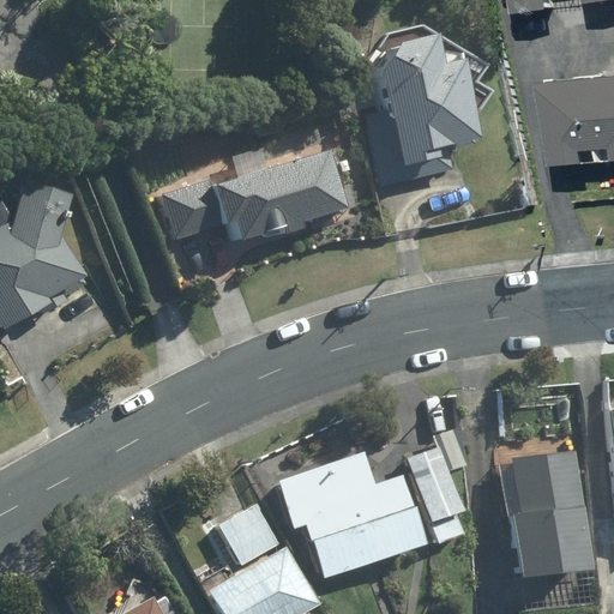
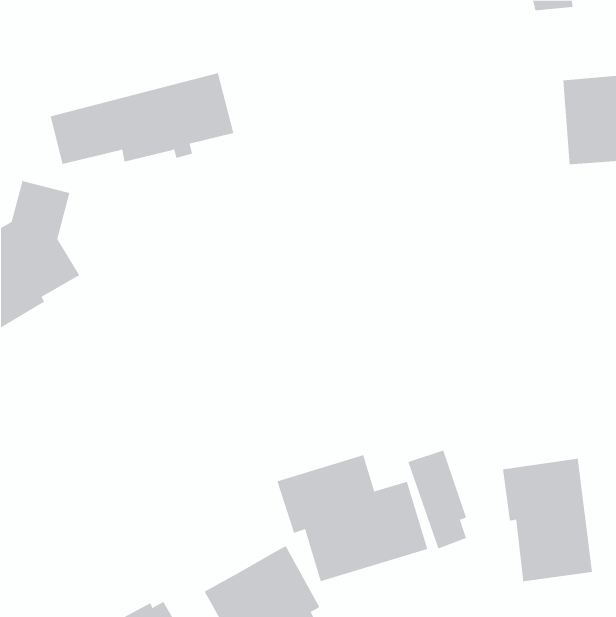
building: [366,32,481,186] -> none
building: [162,150,344,241] -> [50,72,234,165]
building: [216,502,282,568] -> none

